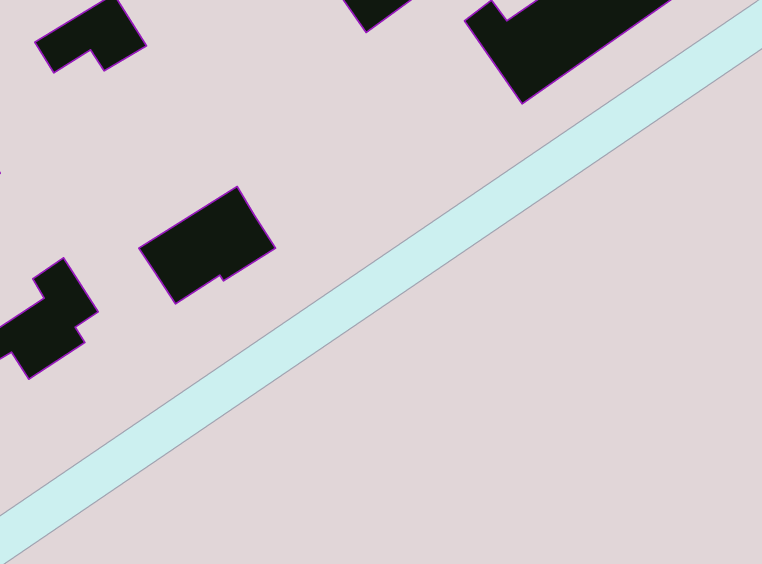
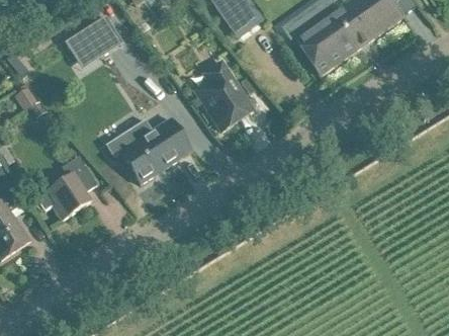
building: none -> [195,60,253,129]

